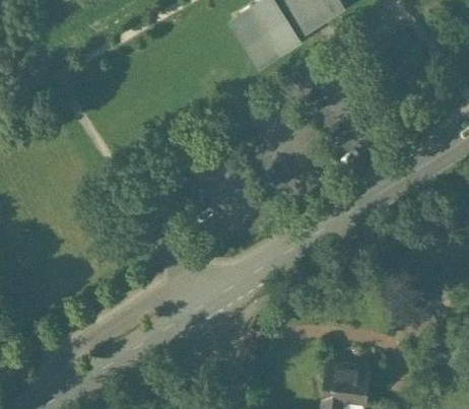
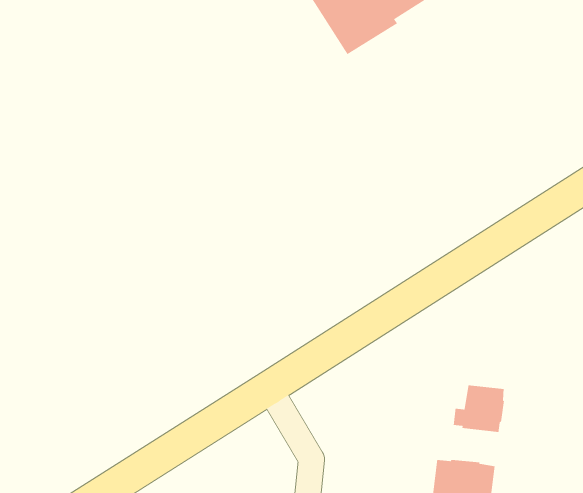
building: none -> [453,384,505,433]

